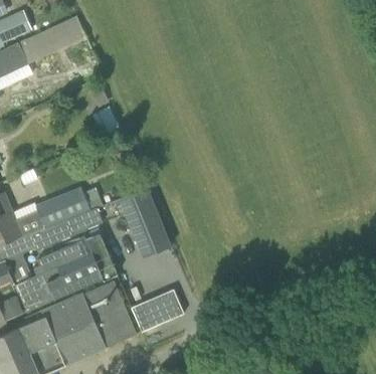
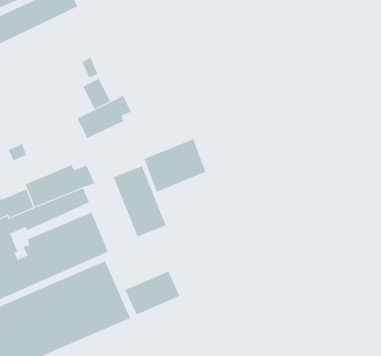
building: none -> [77,95,131,139]
building: none -> [144,139,206,192]

